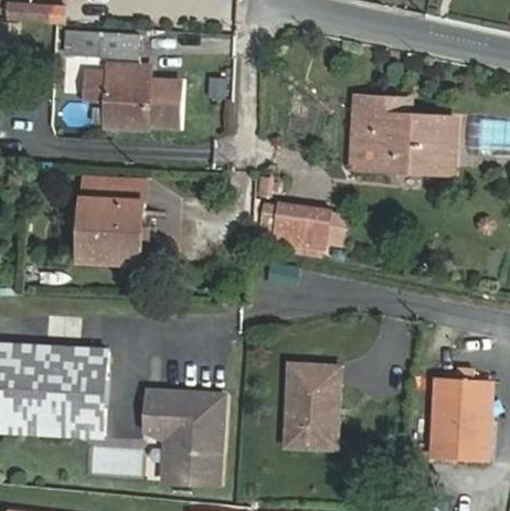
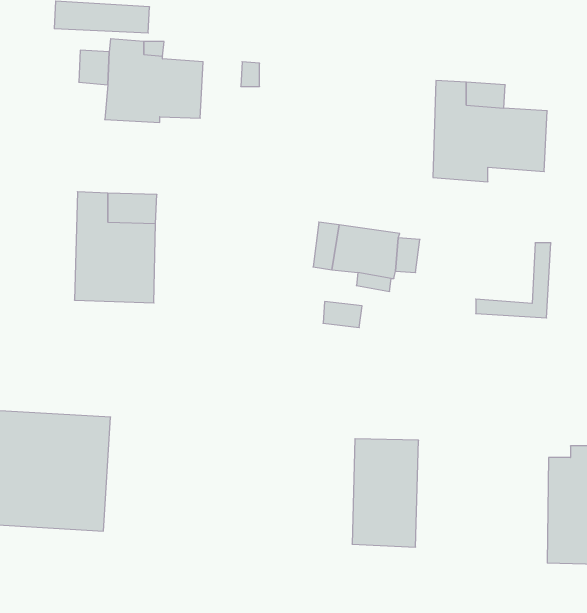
building: [393,117,450,174] -> [476,243,551,318]
building: [148,390,225,479] -> none

